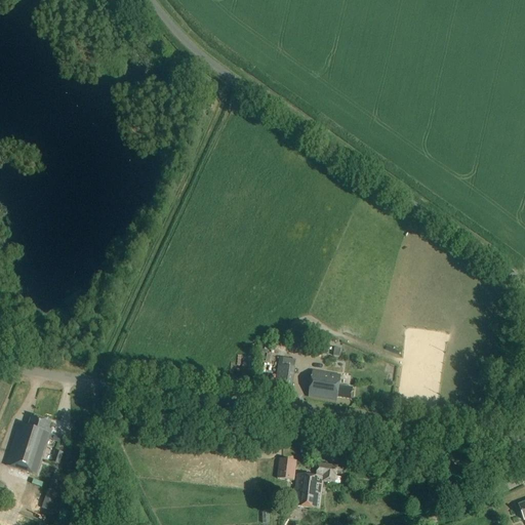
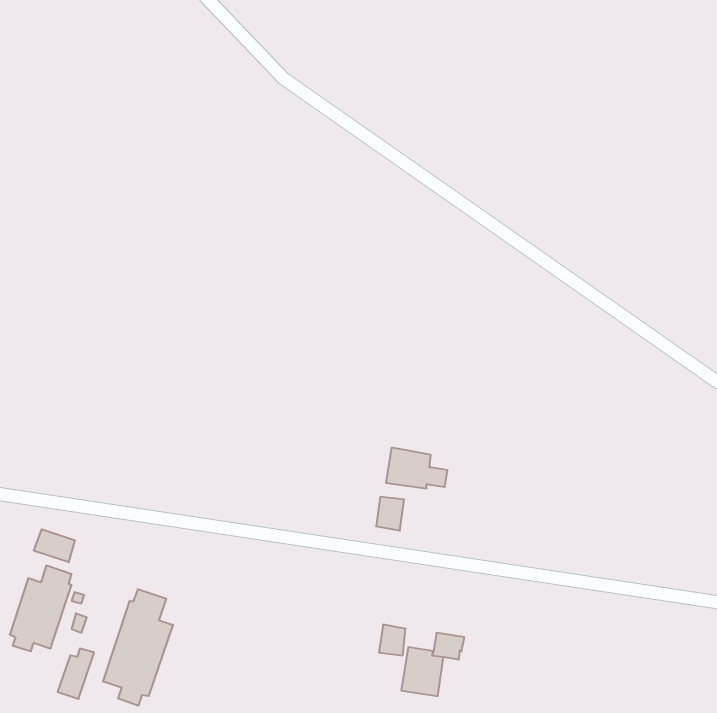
building: [309,369,354,399] -> [386,448,448,488]
building: none -> [34,529,75,562]
building: none -> [103,589,173,706]

